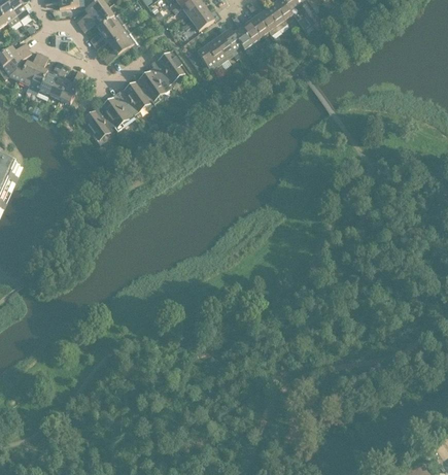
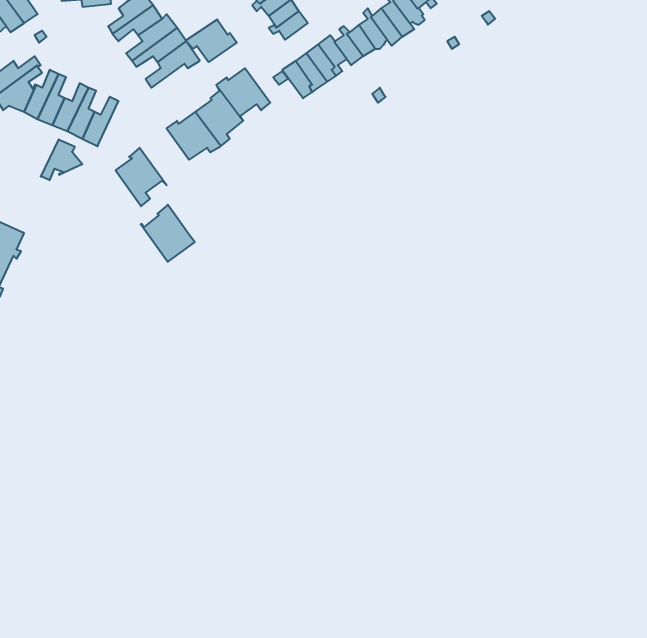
building: none -> [186,19,237,62]
building: [97,90,134,129] -> [141,205,195,262]
building: none -> [41,139,82,180]

